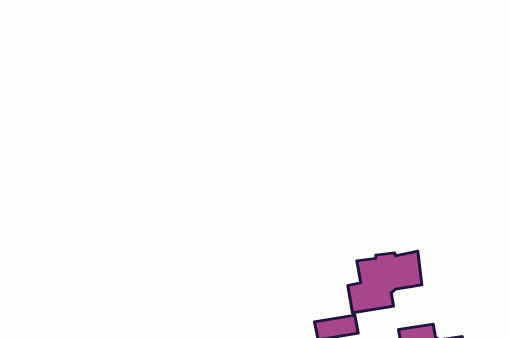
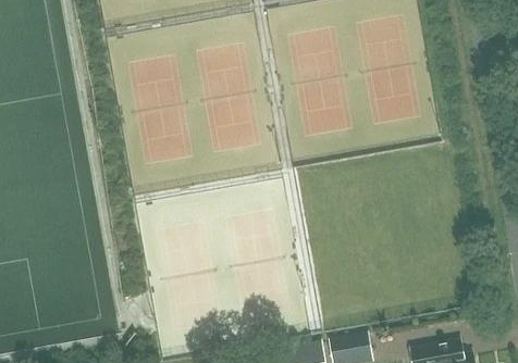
building: [348,251,422,313] -> none

